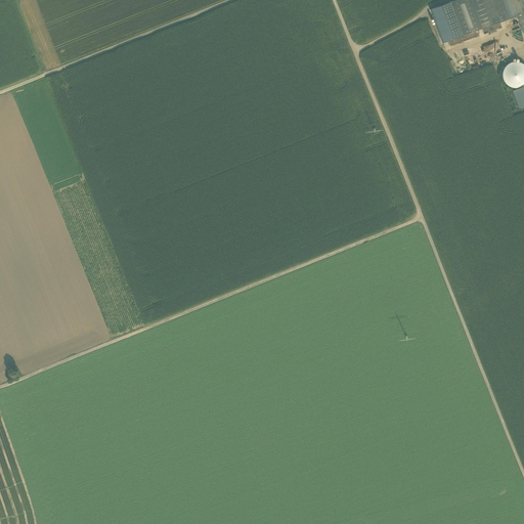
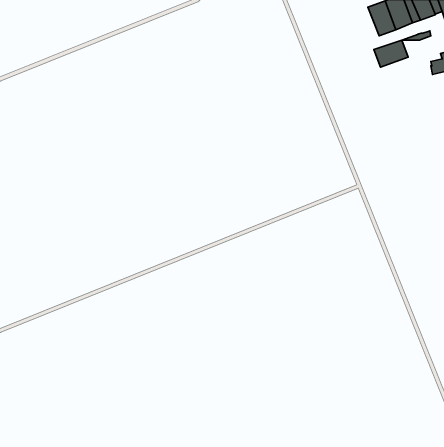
building: none -> [374,40,408,67]

